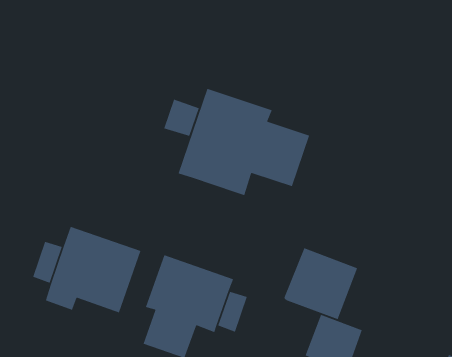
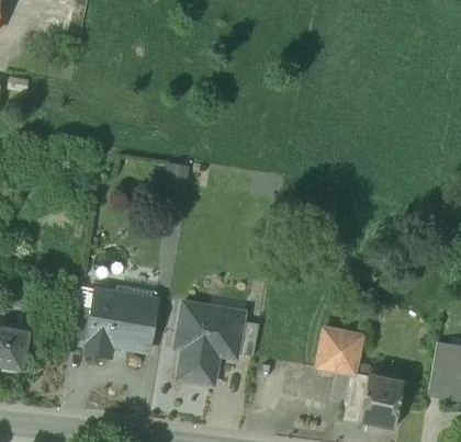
building: [177,88,310,196] -> none
building: [283,247,358,320] -> none

